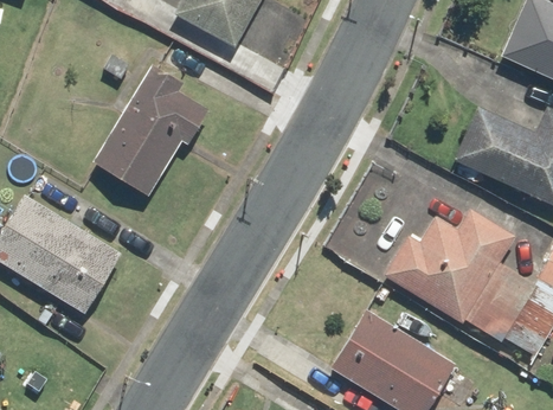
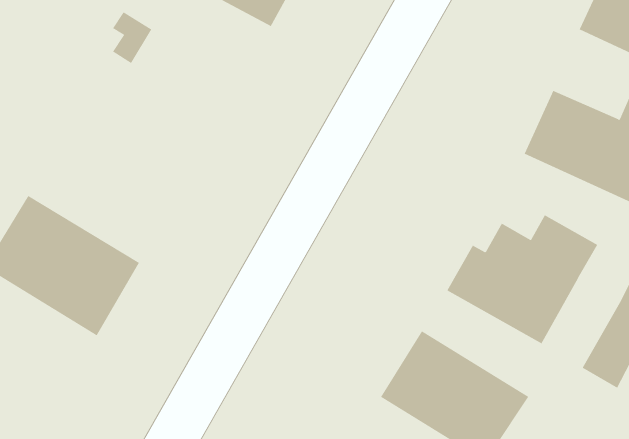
building: [95,63,210,197] -> none
building: [469,265,536,342] -> none

